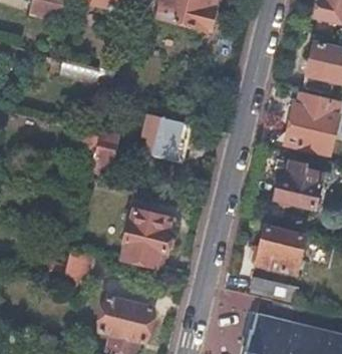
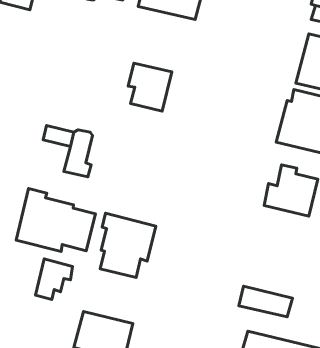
building: [149,115,190,159] -> [128,63,172,111]
building: none -> [16,189,96,252]
building: [257,226,306,271] -> none

